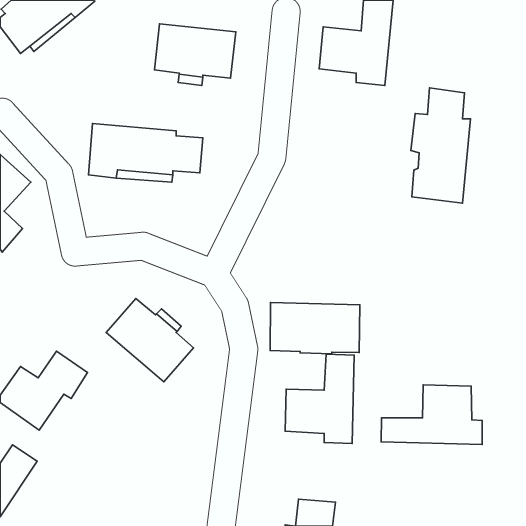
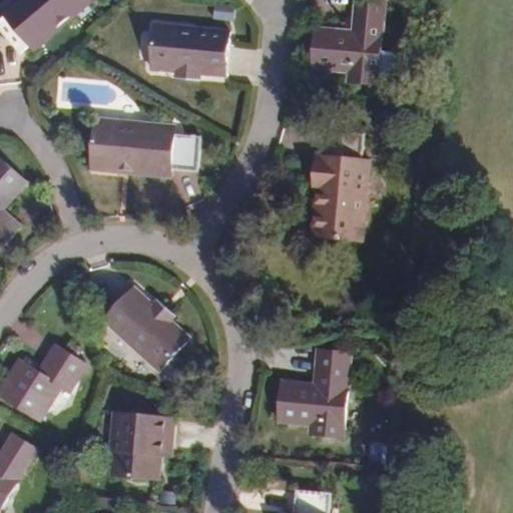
building: [411,88,471,203] -> [311,127,369,239]
building: [270,303,360,354] -> none
building: [381,385,482,444] -> none
building: none -> [107,409,172,475]

